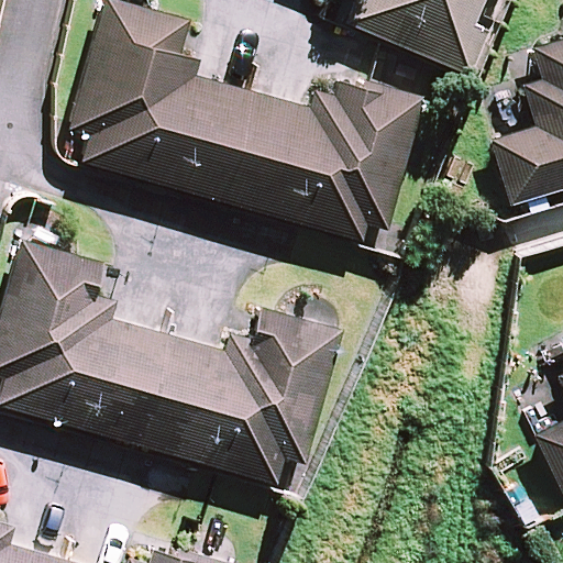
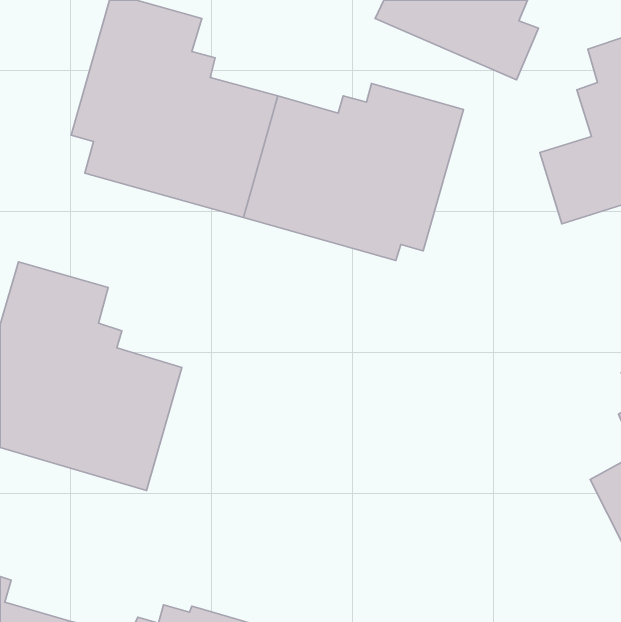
building: [137,306,342,483] -> none

